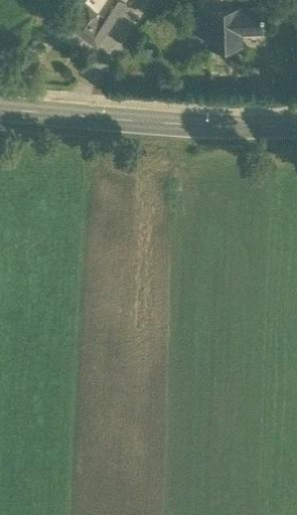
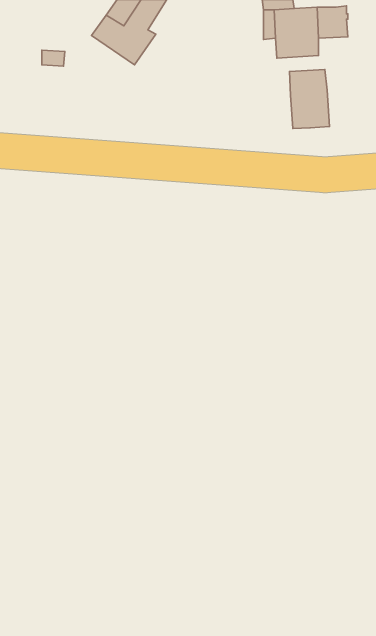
building: none -> [289,70,330,129]

